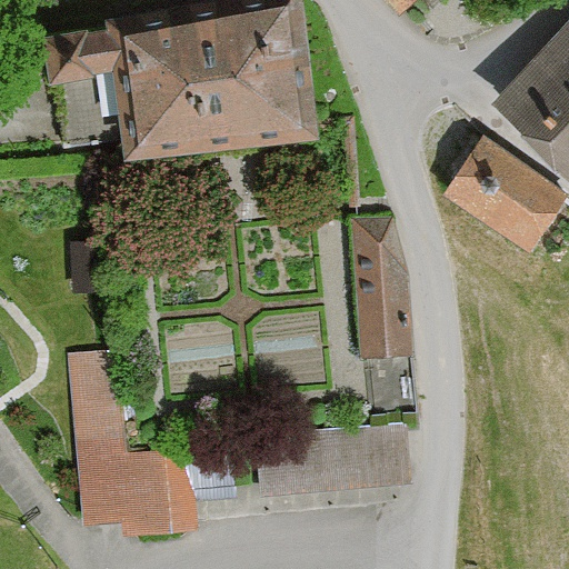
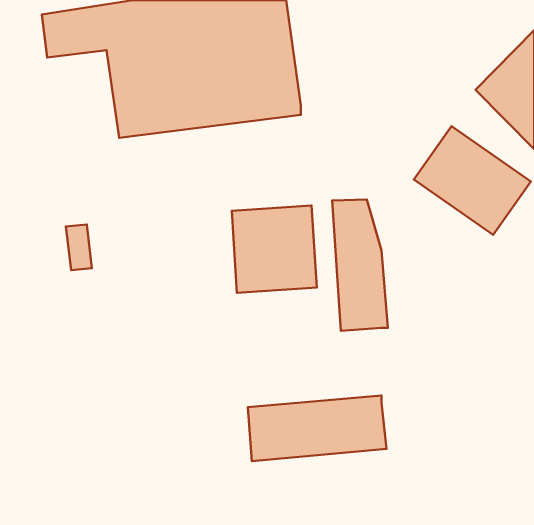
building: none -> [232,205,317,293]
building: [68,357,244,536] -> none

